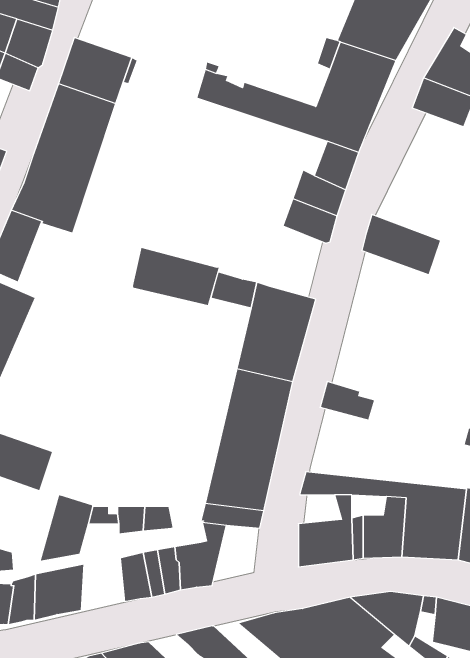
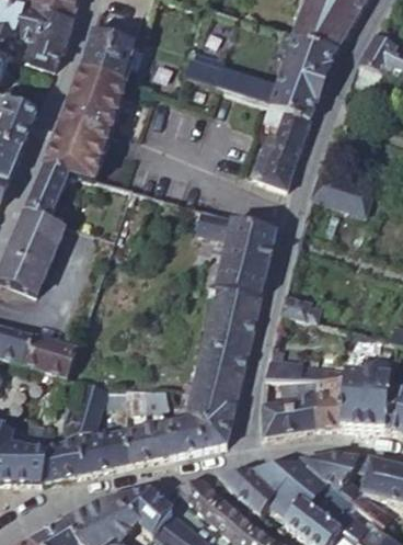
building: [133,247,219,306] -> none
building: none -> [197,402,233,449]
building: none -> [97,428,130,467]

